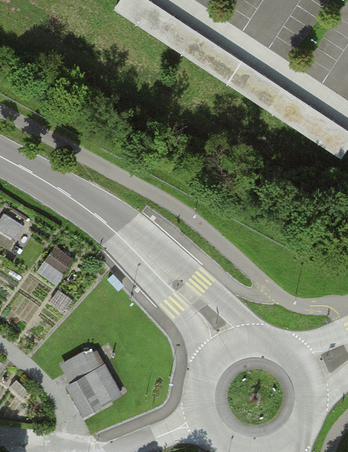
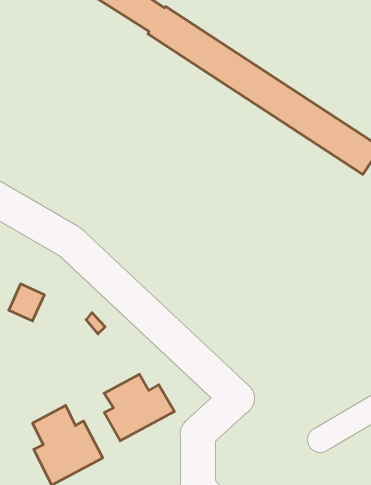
building: none -> [104,374,174,441]

